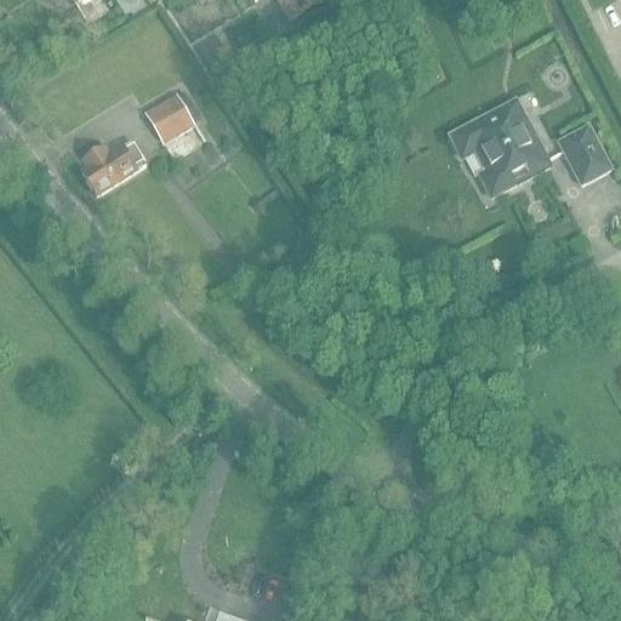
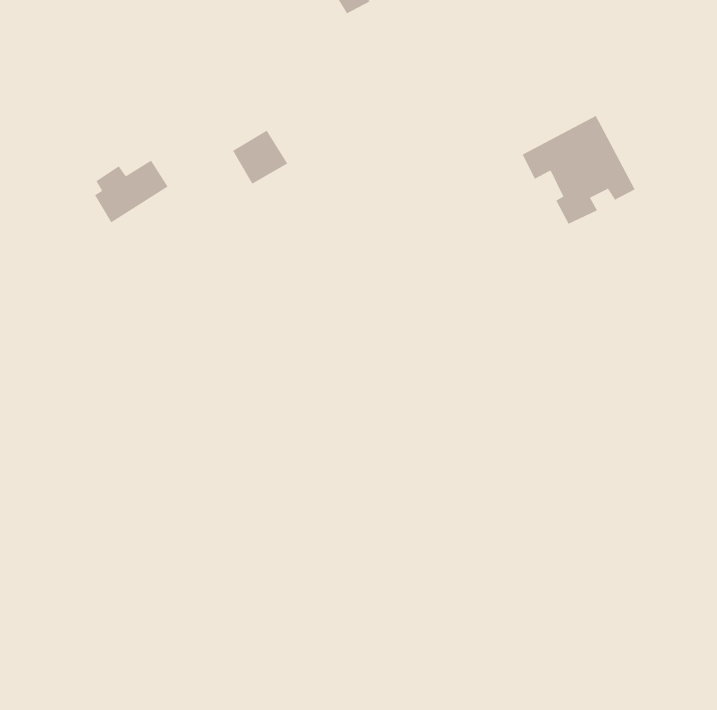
building: [146,93,194,141] -> [232,130,288,185]
building: [558,124,611,183] -> none

